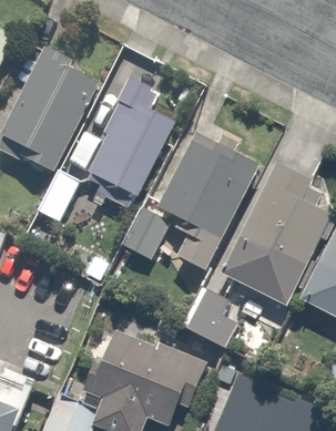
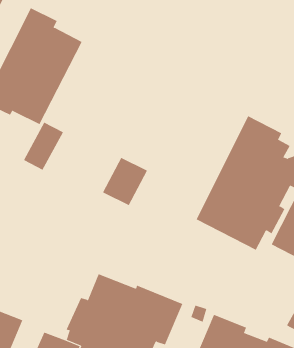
building: [86,78,175,209] -> none
building: [156,133,259,271] -> none
building: [179,286,237,349] -> none

